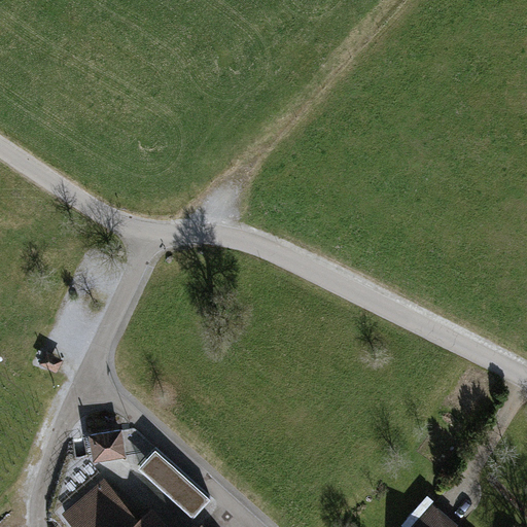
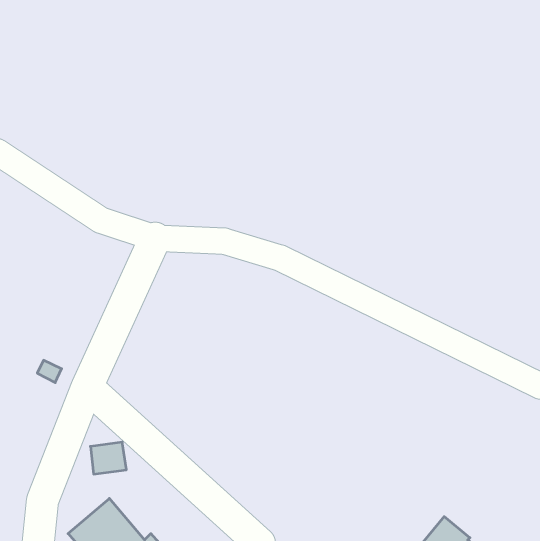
building: [135,449,208,518] -> none

